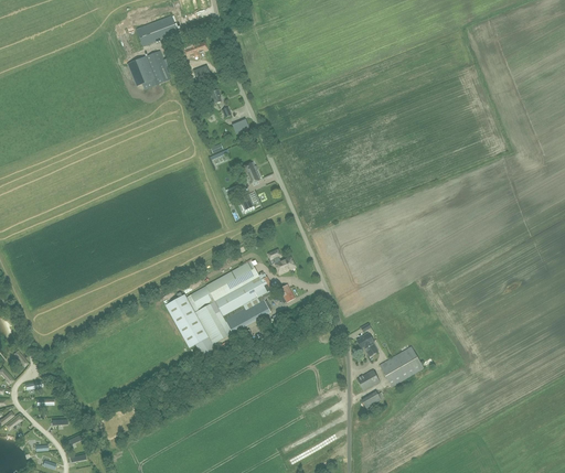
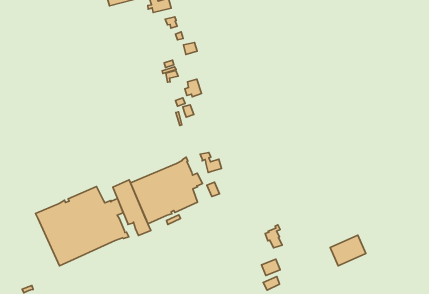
building: none -> [35,187,129,266]
building: [379,346,423,386] -> [330,235,366,266]

